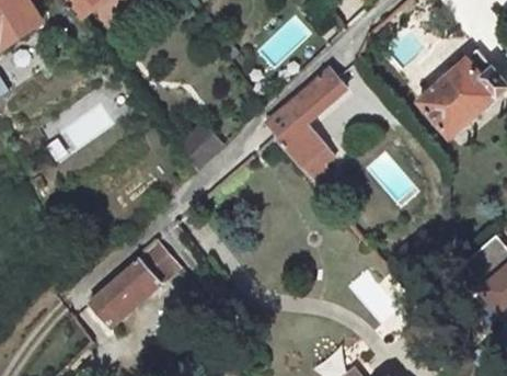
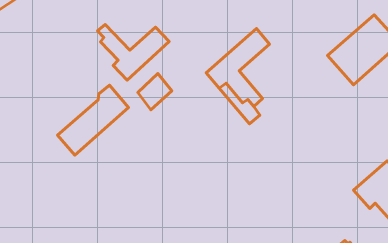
building: none -> [98,24,169,80]
building: [90,240,180,329] -> [57,85,128,155]

